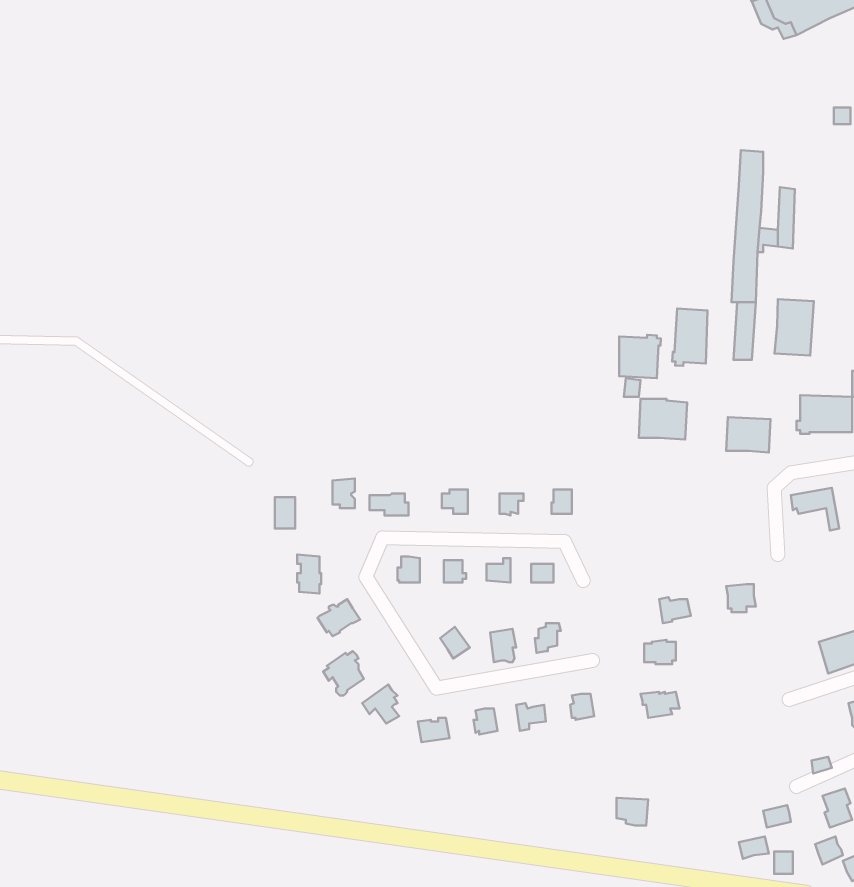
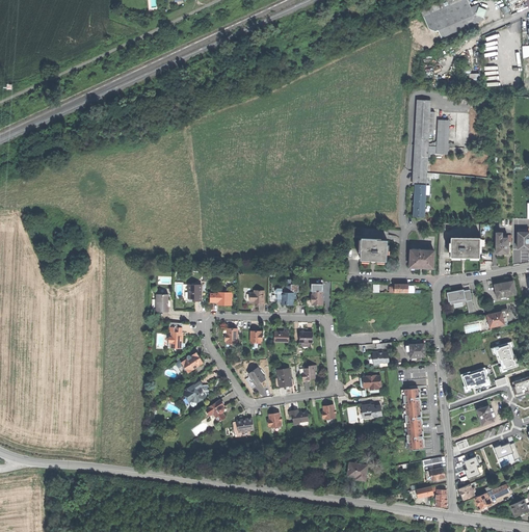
building: [774,299,814,355] -> none
building: [672,308,708,366] -> none
building: [619,335,661,378] -> none
building: none -> [401,389,421,448]

